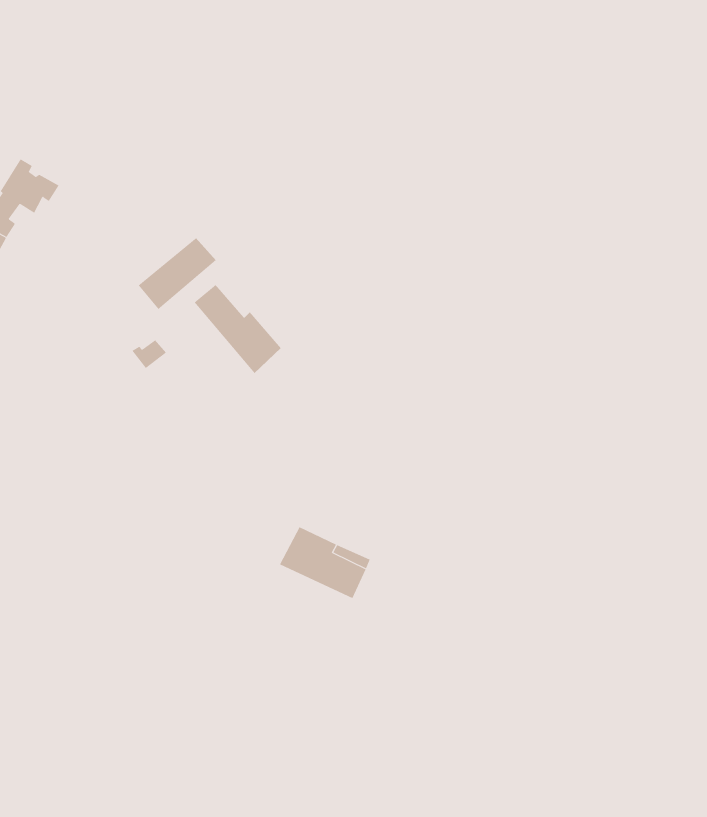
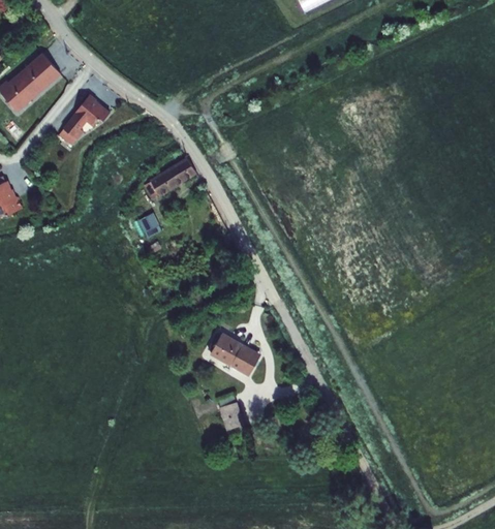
building: [194,284,281,374] -> none
building: none -> [217,404,241,433]

